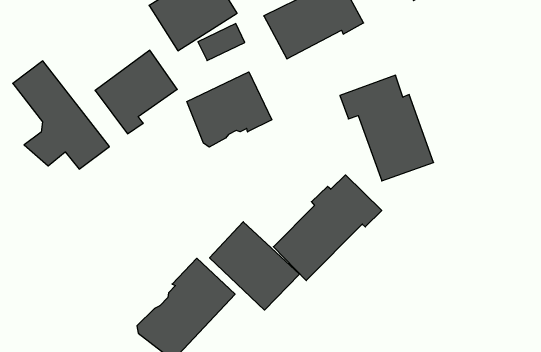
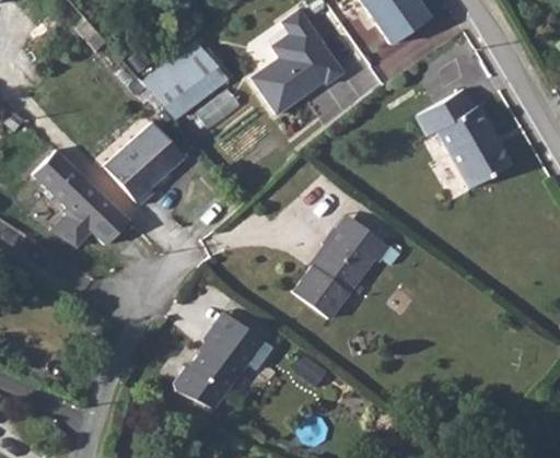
building: [187,72,272,147] -> none
building: [340,75,434,181] -> [416,89,512,189]
building: [210,222,299,310] -> none

